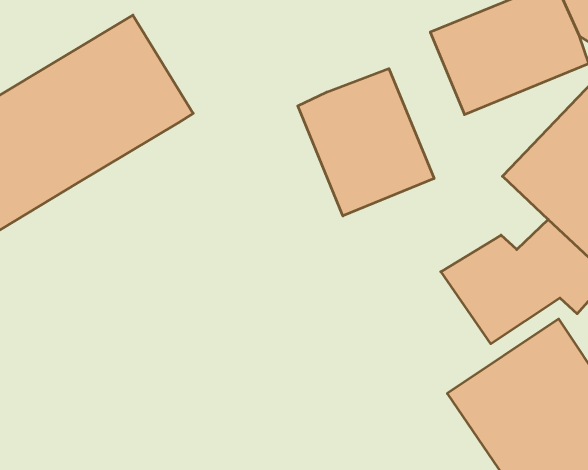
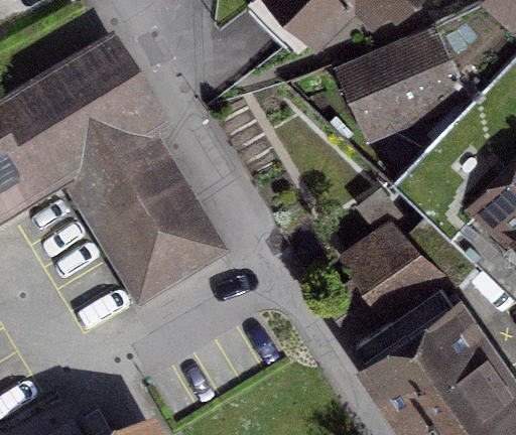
building: [298,69,434,216] -> none
building: none -> [70,136,220,302]

